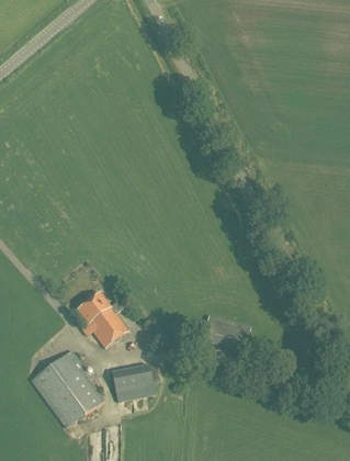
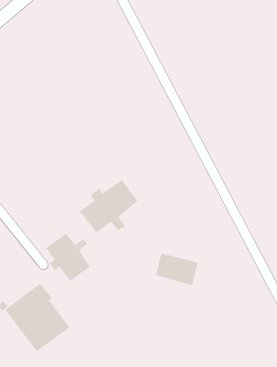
building: none -> [79,179,138,234]
building: [111,362,166,402] -> none

